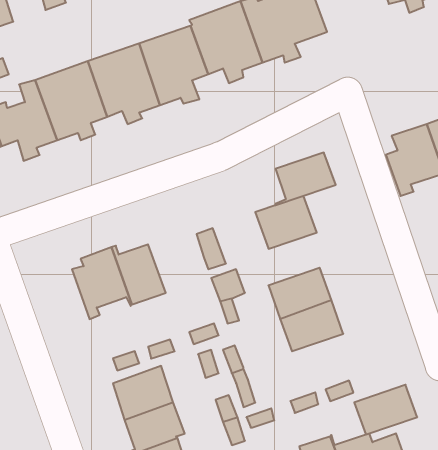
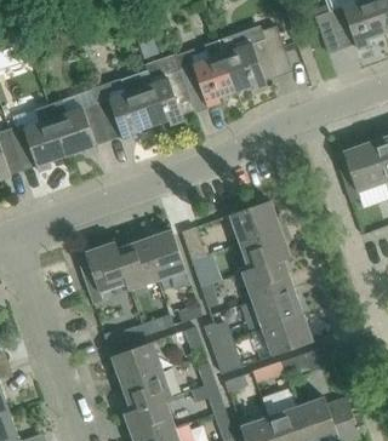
building: [276,153,336,205] -> [241,231,291,275]
building: none -> [142,230,192,290]
building: [354,385,417,435] -> [261,315,313,356]

